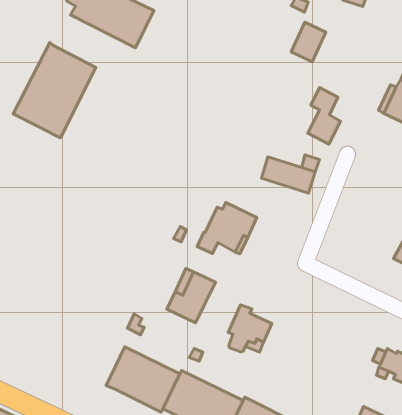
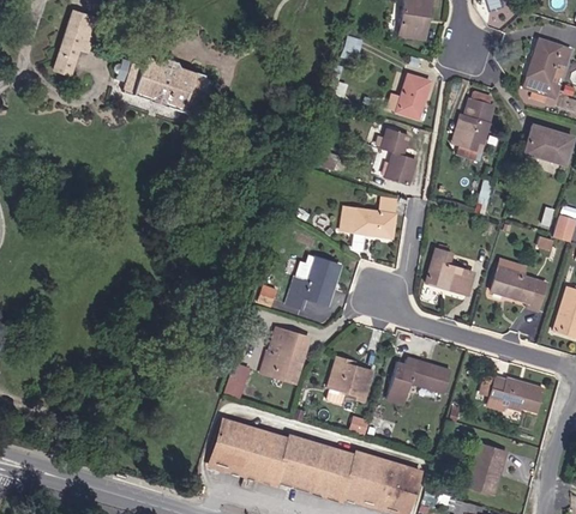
building: [291,22,326,62] -> [395,73,427,113]
building: [13,42,96,138] -> none
building: none -> [424,246,473,295]
building: none -> [386,362,451,405]

